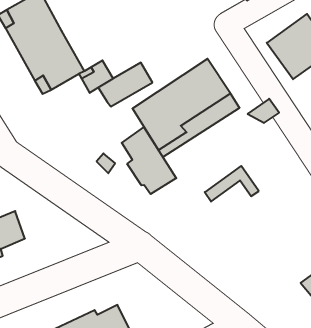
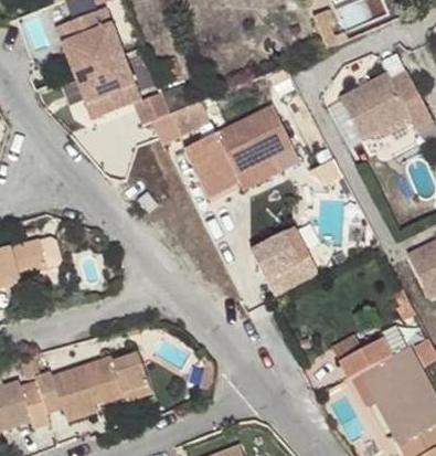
building: [122,127,176,194] -> none
building: none -> [256,241,319,295]

